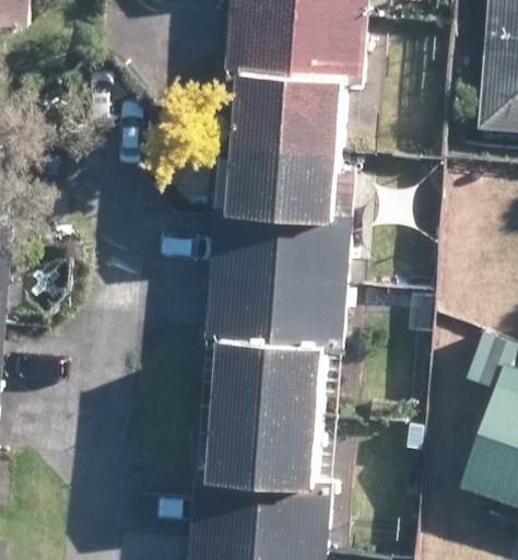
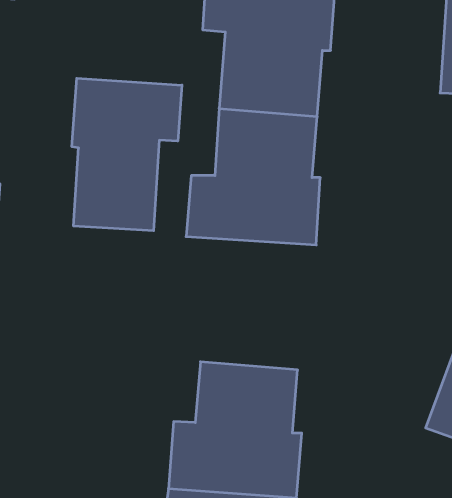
building: none -> [72,78,182,231]
building: [203,270,344,411] -> none

